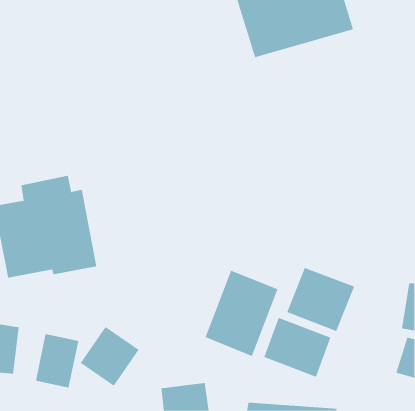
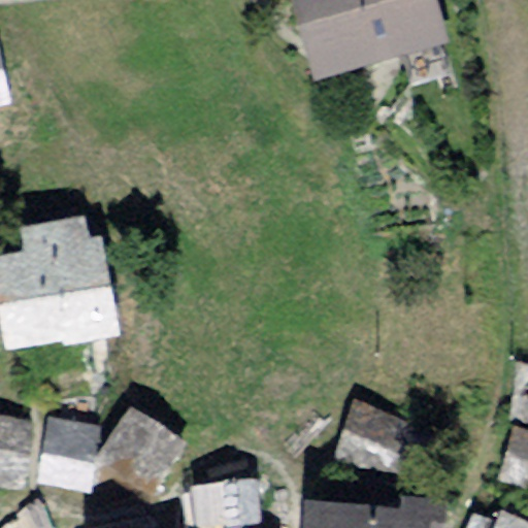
building: [287,267,355,332] -> none
building: [205,270,278,357] -> none

